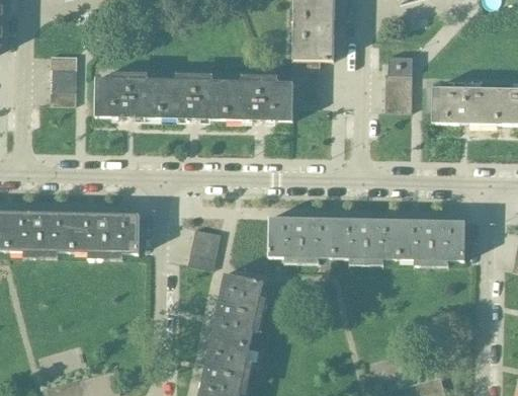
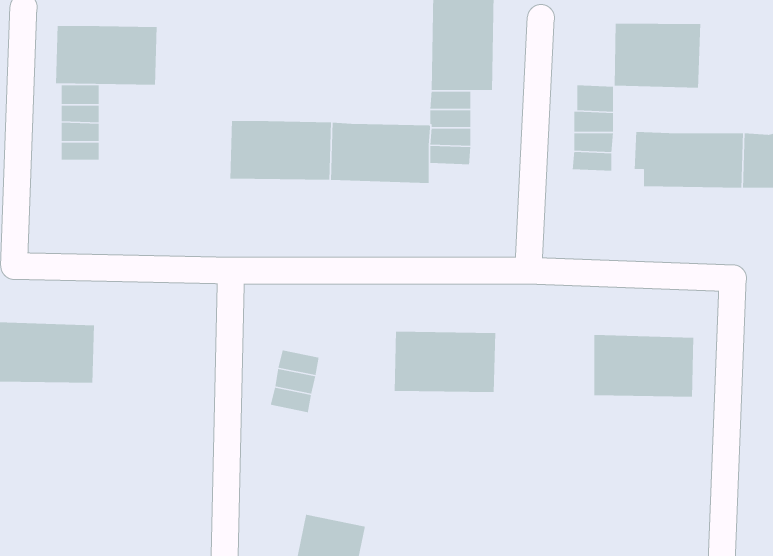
building: none -> [614,23,701,89]
building: [95,78,162,117] -> [55,25,158,85]
building: [72,213,139,252] -> none
building: [334,218,399,259] -> none
building: [210,272,263,344] -> none

